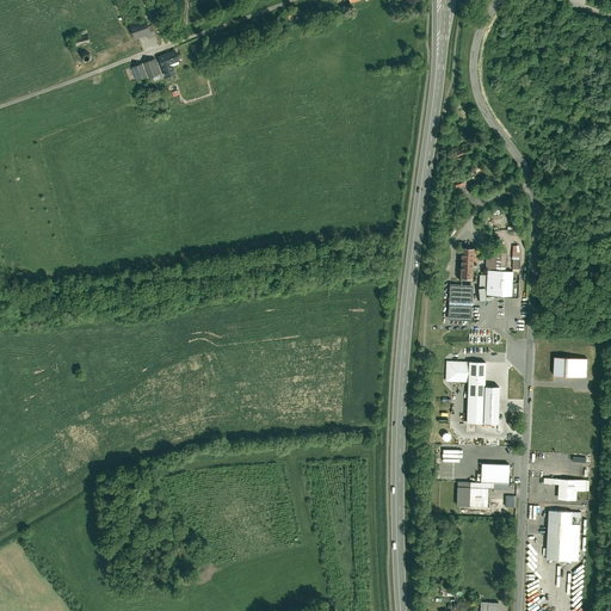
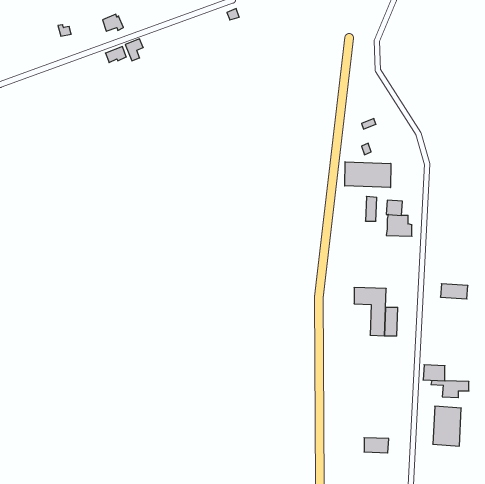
building: none -> [345,162,391,188]
building: [448,285,473,321] -> none
building: [481,464,508,485] -> [423,365,445,381]
building: [457,488,488,507] -> [364,438,389,453]

